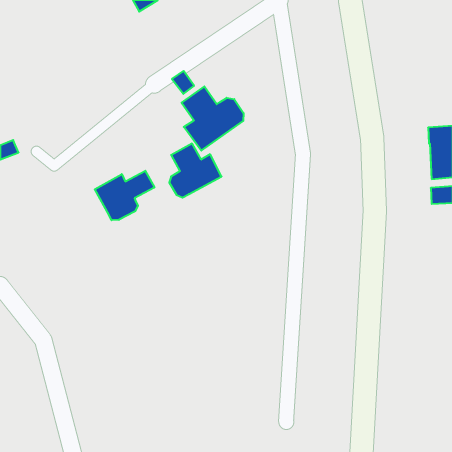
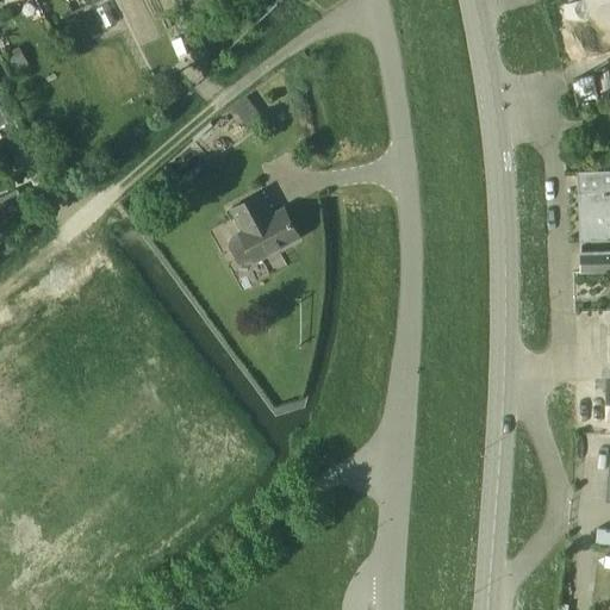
building: [182,86,244,151] -> none
building: [95,171,154,220] -> none

